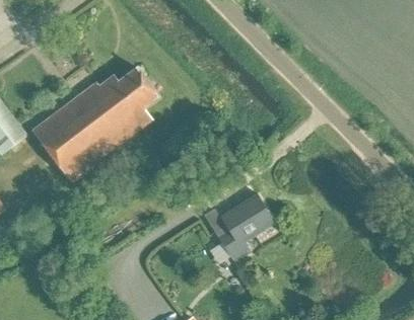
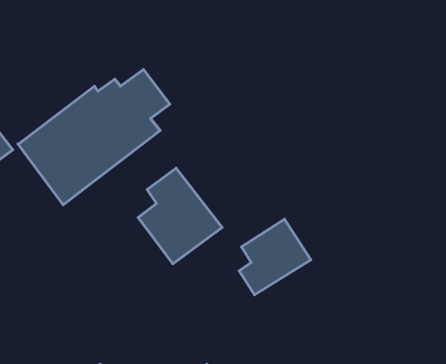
building: none -> [138,168,222,264]

